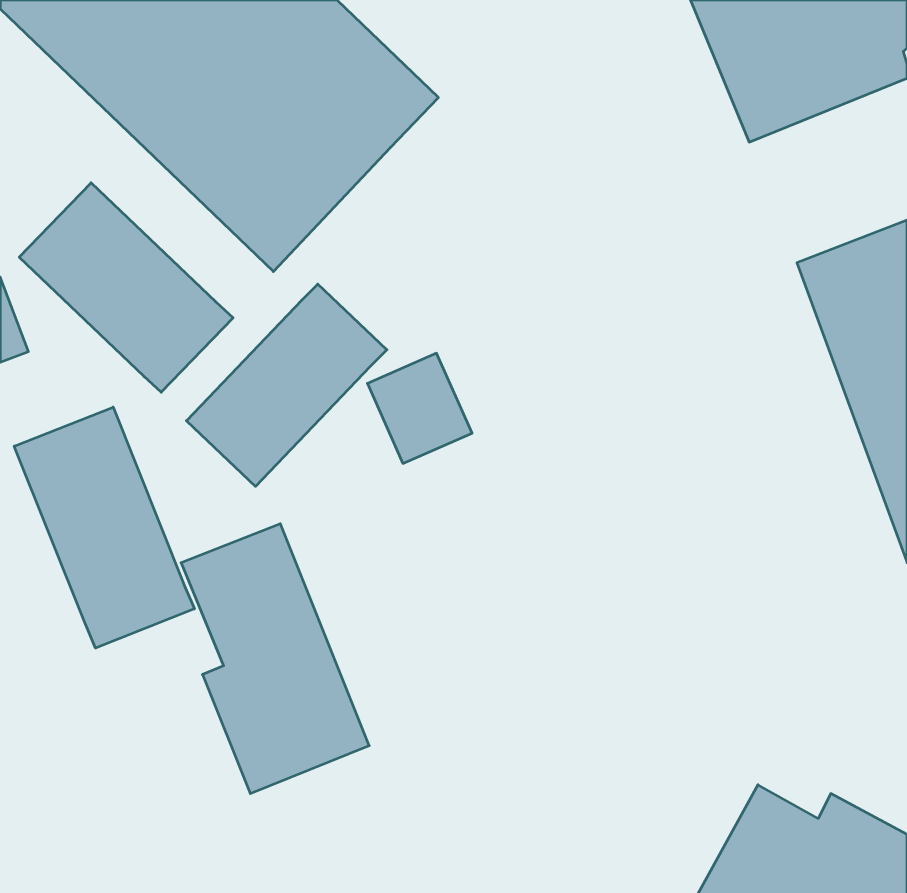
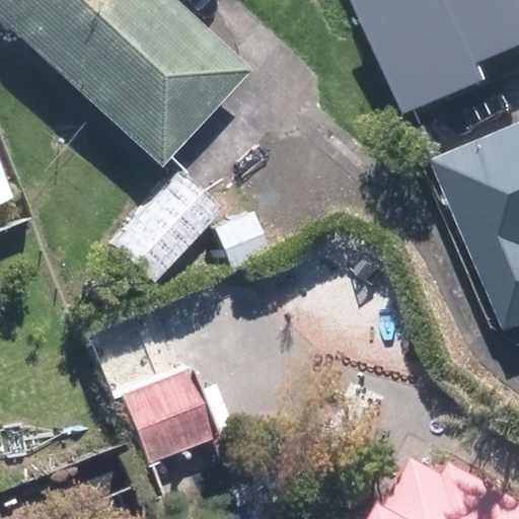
building: [19,183,233,392] -> none
building: [14,407,194,648] -> none

